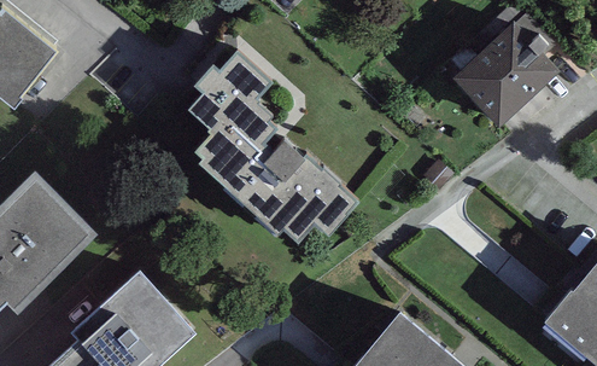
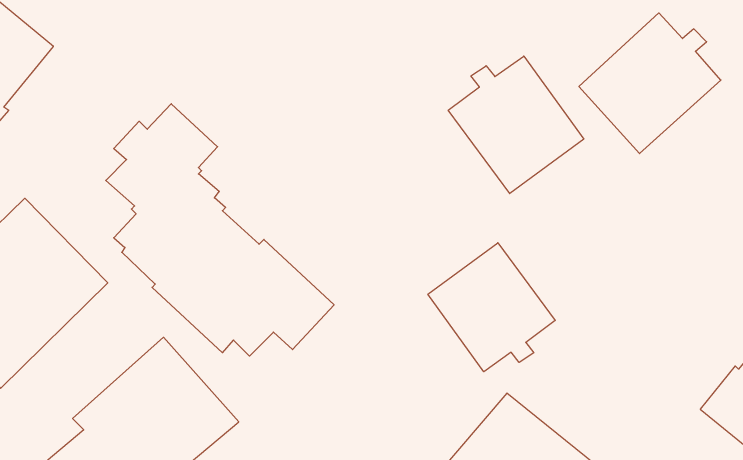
building: [187,50,359,240] -> [106,104,334,356]
building: none -> [448,56,584,194]
building: none -> [428,243,555,372]

